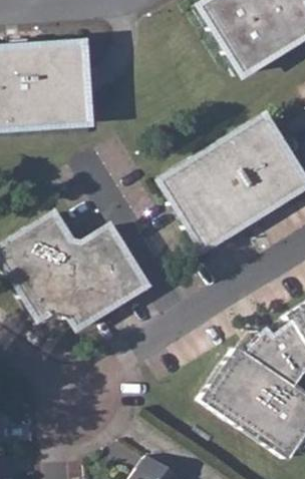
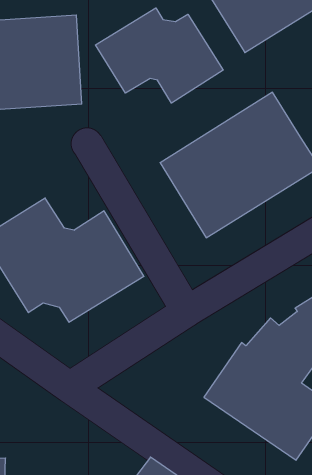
building: none -> [95,8,223,103]

